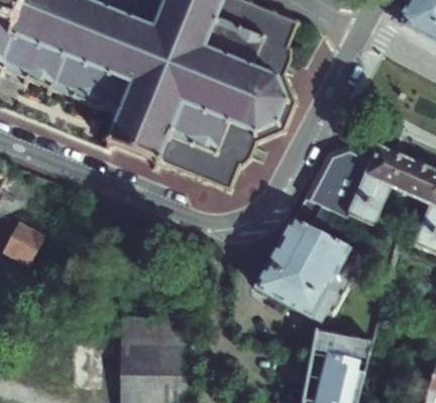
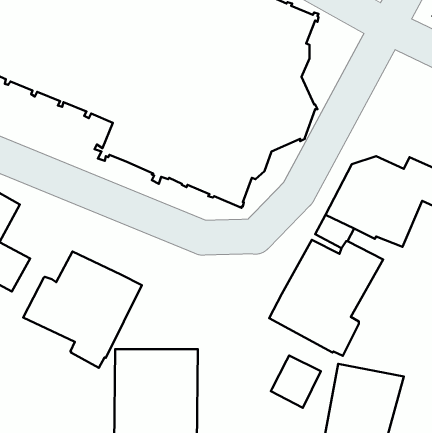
building: none -> [23,252,142,368]
building: none -> [271,356,321,408]

